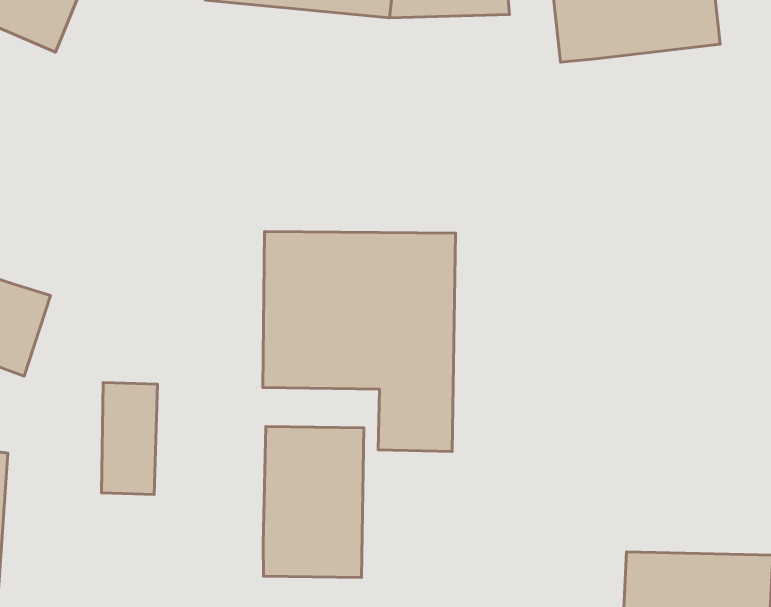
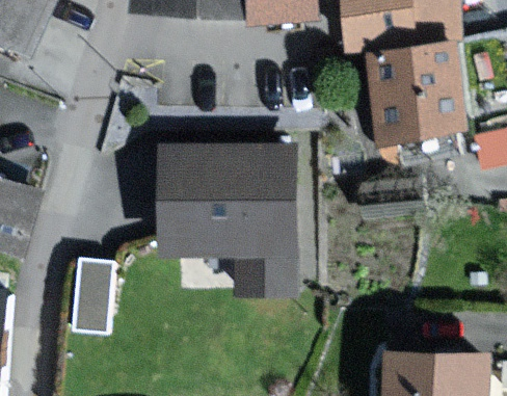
building: none -> [376,35,465,136]
building: [263,427,364,577] -> none

